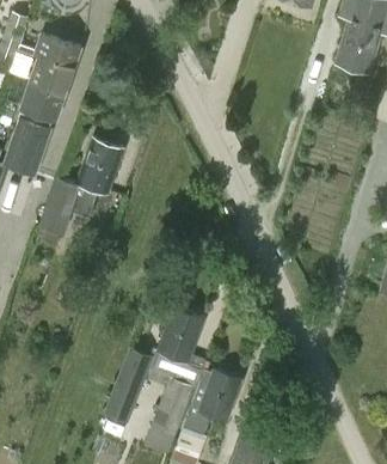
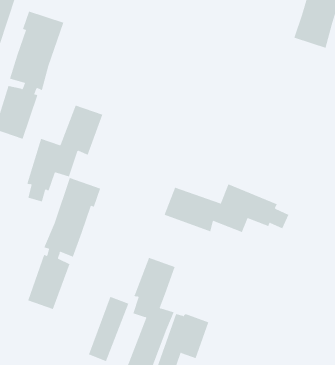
building: none -> [28,177,101,310]
building: none -> [164,183,289,233]

